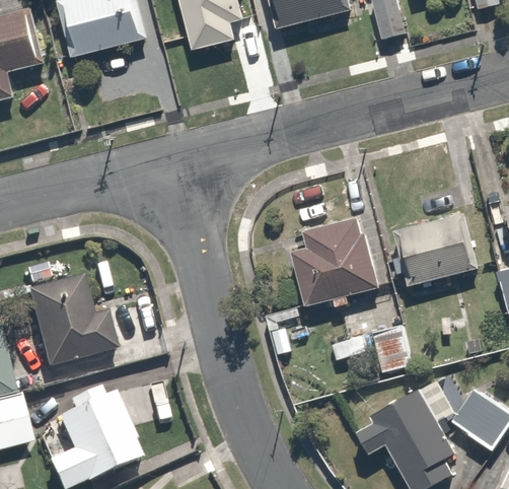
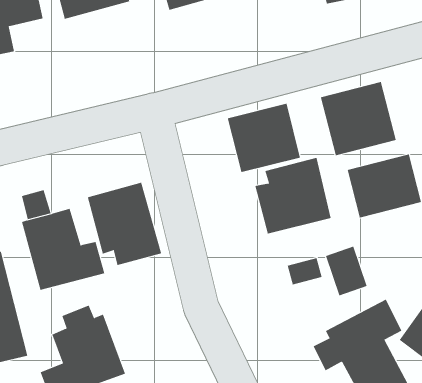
building: none -> [320,81,397,156]
building: none -> [227,103,301,173]
building: none -> [87,182,162,266]

